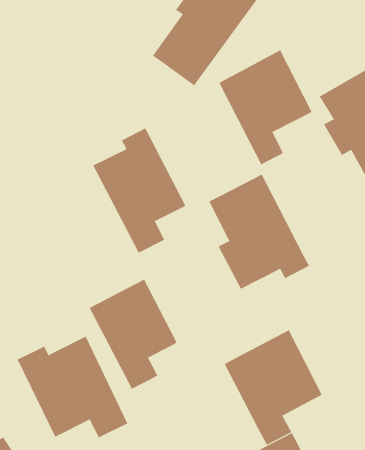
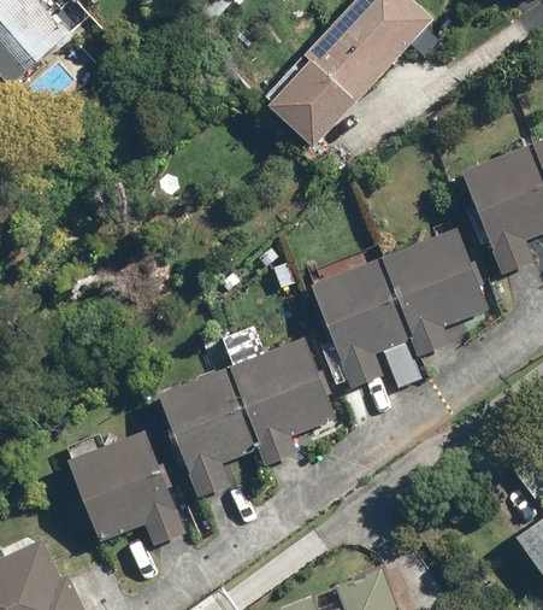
building: [218,50,313,165] -> [382,228,489,362]
building: [93,127,186,254] -> none
building: [224,329,322,445] -> [228,334,340,468]

